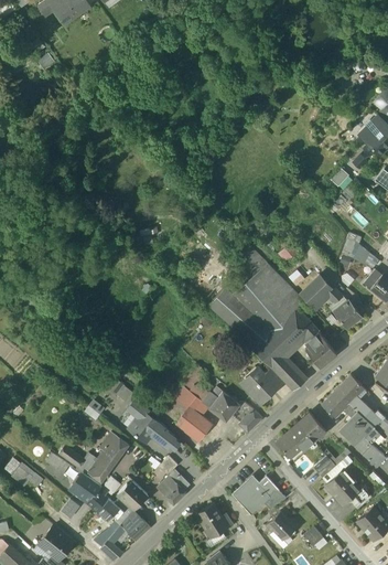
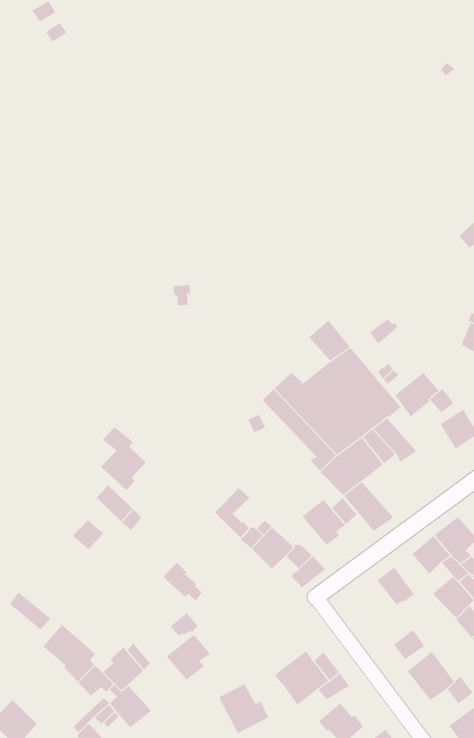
building: [305,332,335,369] -> none
building: [127,399,159,444] -> [100,426,147,491]
building: [174,406,213,445] -> none
building: [276,424,313,457] -> none
building: [58,433,128,482] -> none

